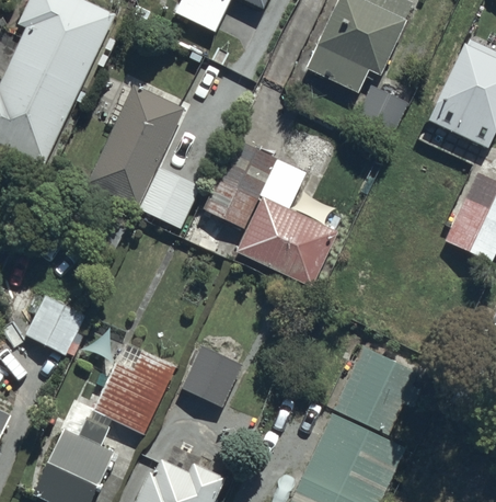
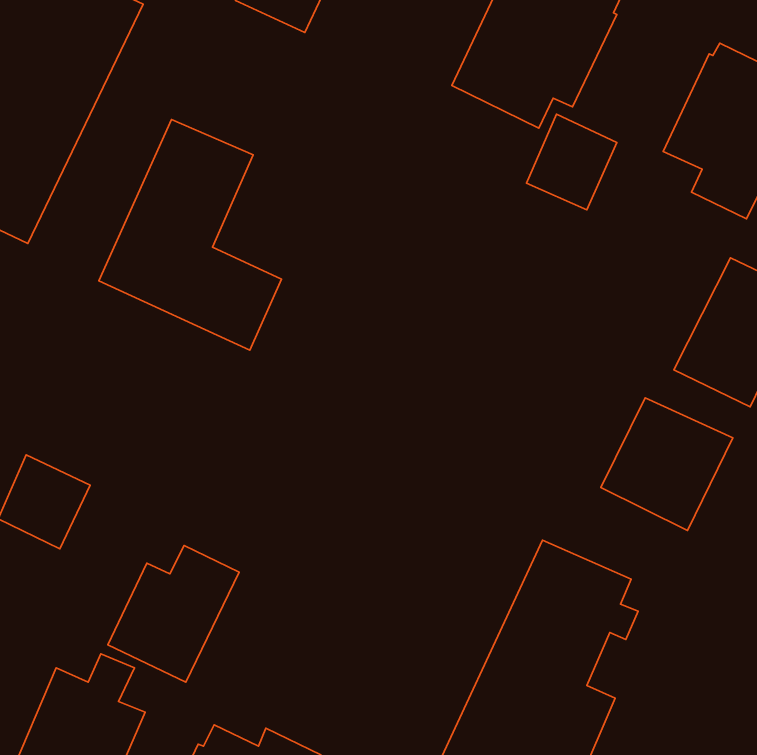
building: [200,138,336,288] -> none
building: none -> [601,398,733,531]
building: [180,345,242,407] -> none

